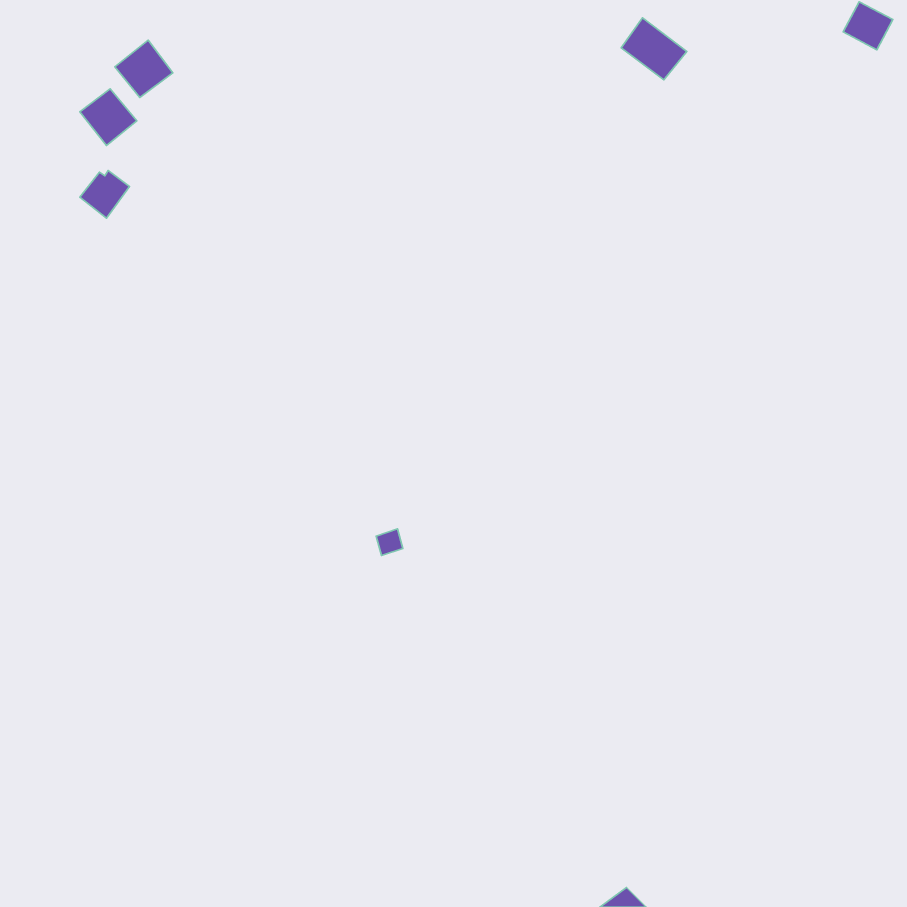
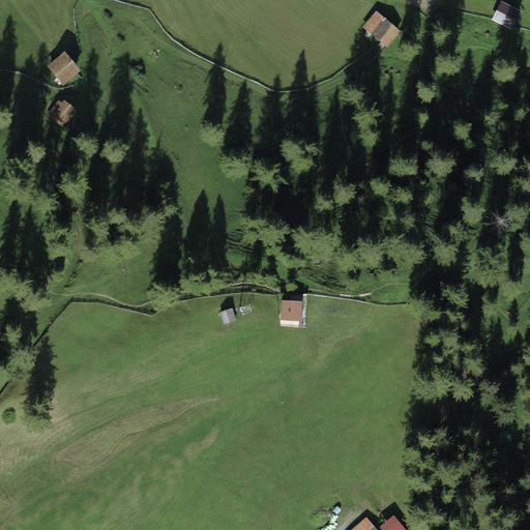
building: [115,40,173,97] -> none
building: none -> [281,299,302,321]

